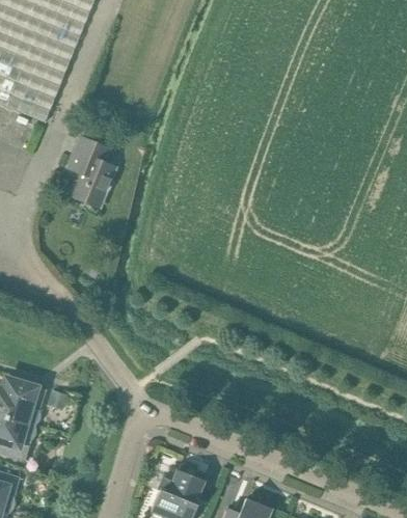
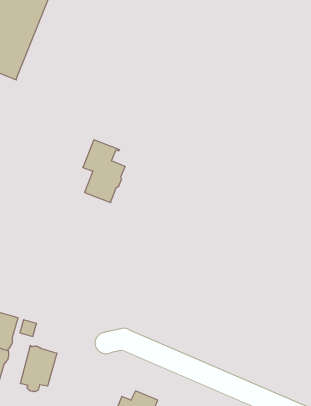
building: [67,137,115,208] -> [83,140,125,203]
building: none -> [20,345,57,392]

